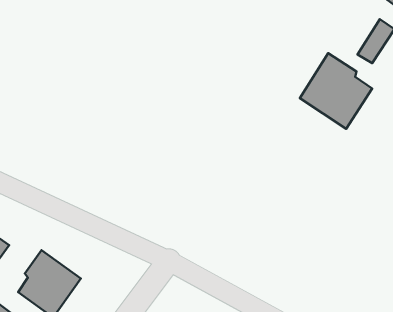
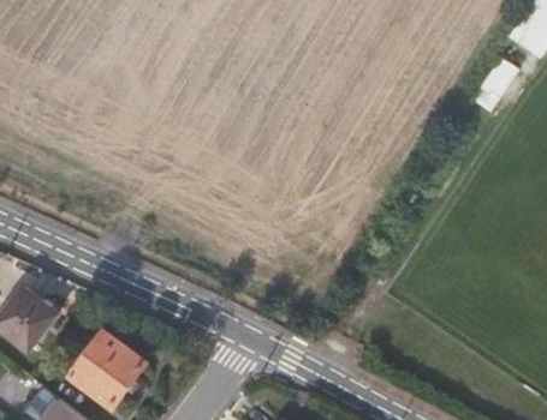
building: [300,53,372,129] -> none

